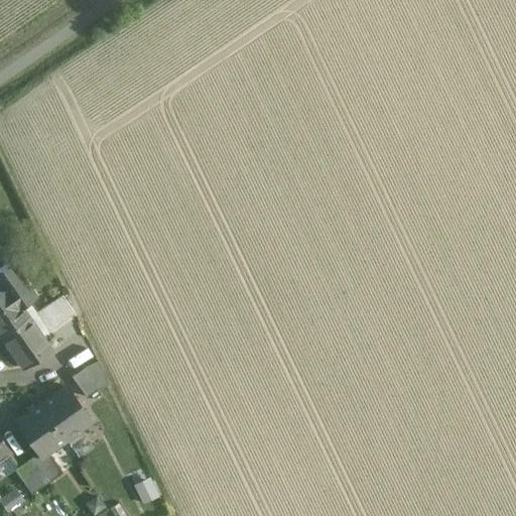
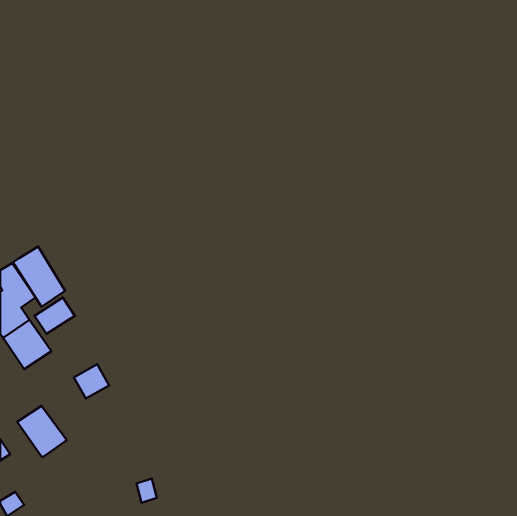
building: none -> [13,247,65,307]
building: [41,387,91,439] -> none
building: [16,453,62,495] -> none

